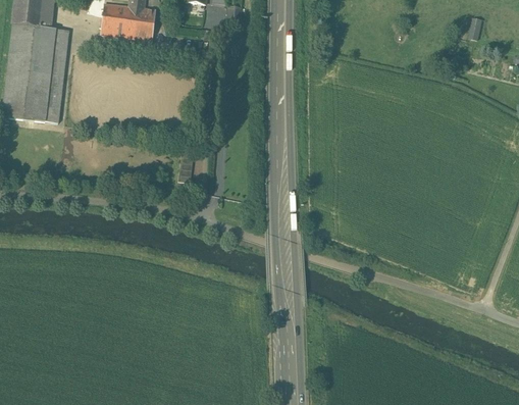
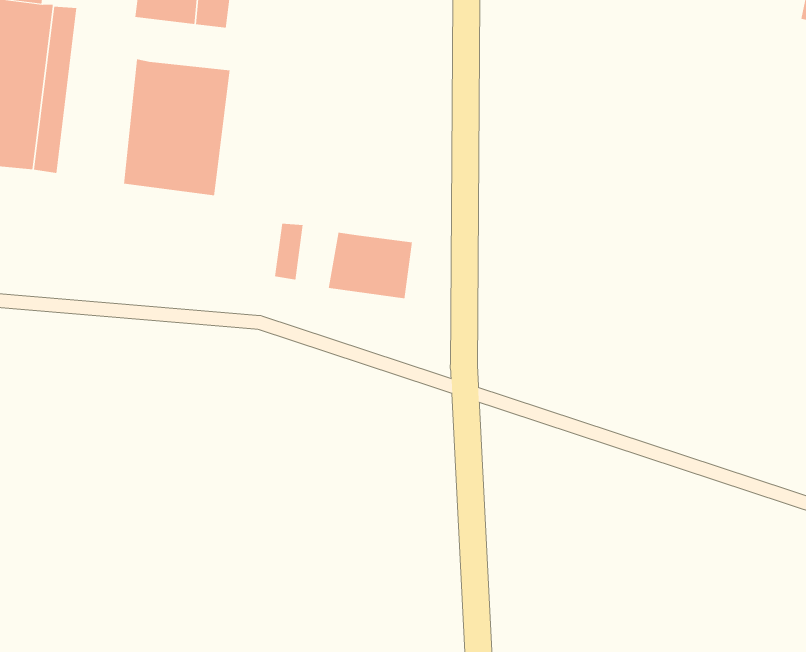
building: none -> [124,59,230,196]
building: none -> [328,232,412,299]

